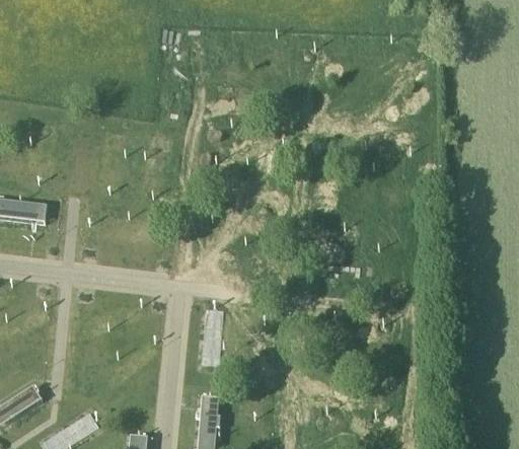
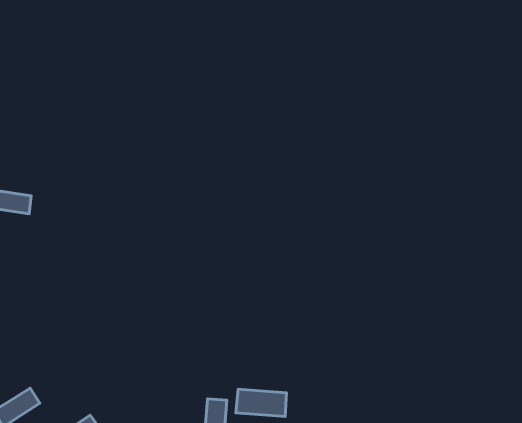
building: none -> [236,389,286,417]

